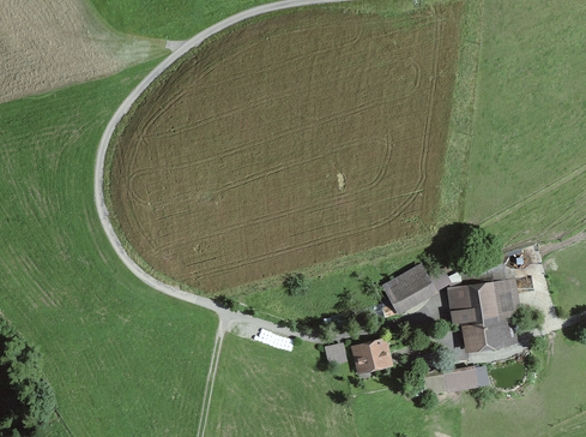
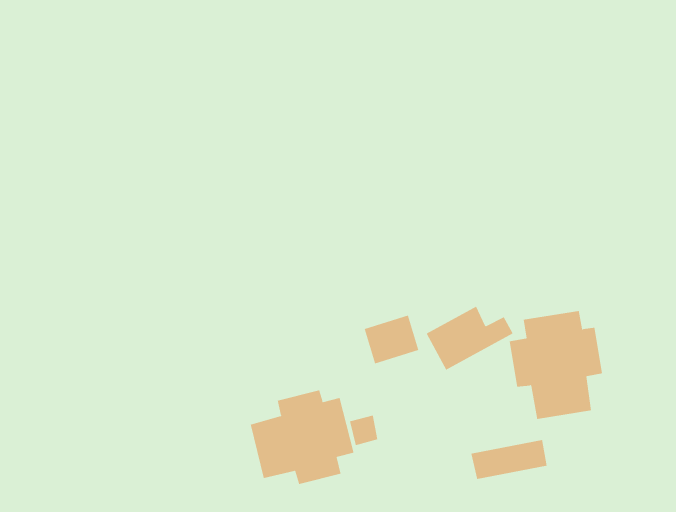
building: none -> [250,390,354,485]
building: [349,339,392,377] -> [364,315,419,364]

